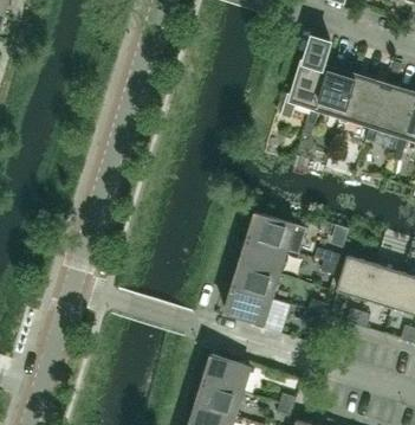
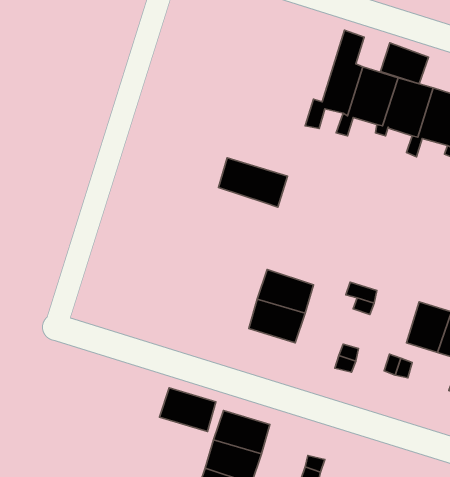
building: none -> [381,43,429,84]
building: [248,212,306,253] -> [219,158,288,207]
building: [337,256,376,298] -> none
building: [225,286,272,323] -> [159,388,216,431]

